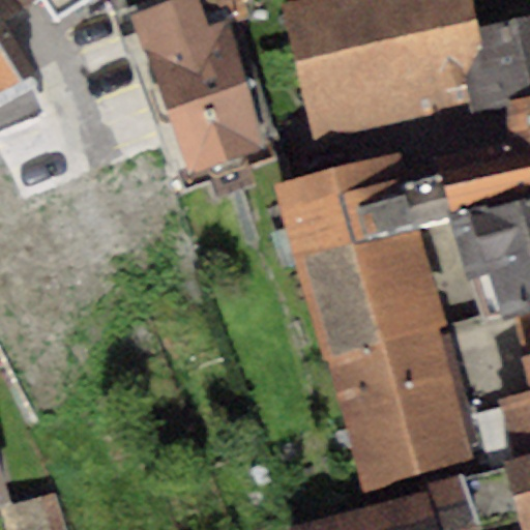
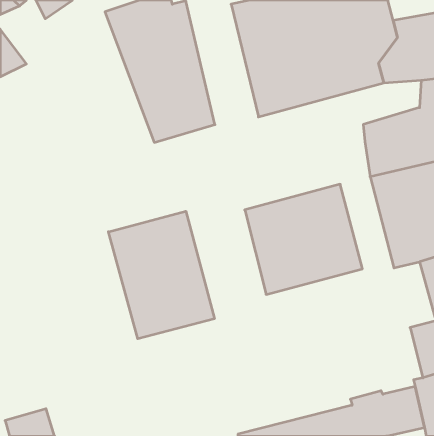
building: [277,152,451,255] -> none
building: none -> [108,211,214,339]
building: [325,326,477,492] -> none

